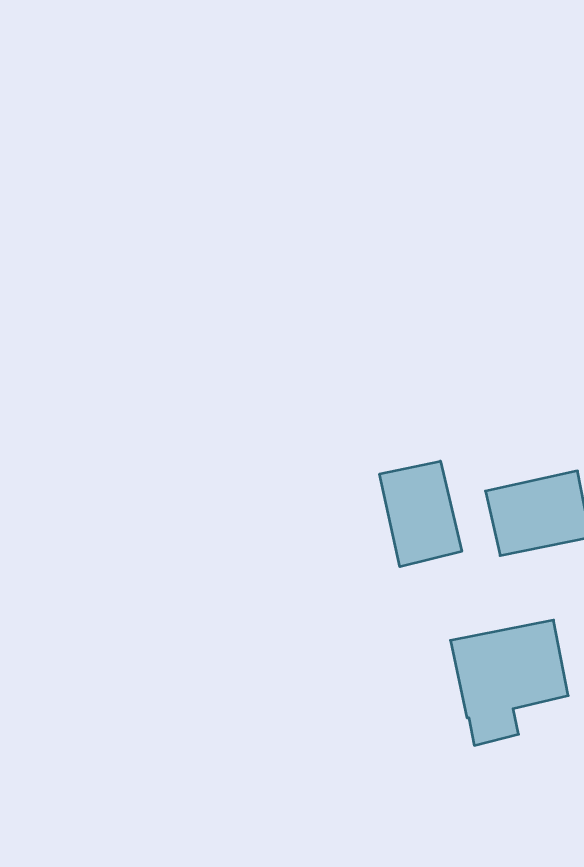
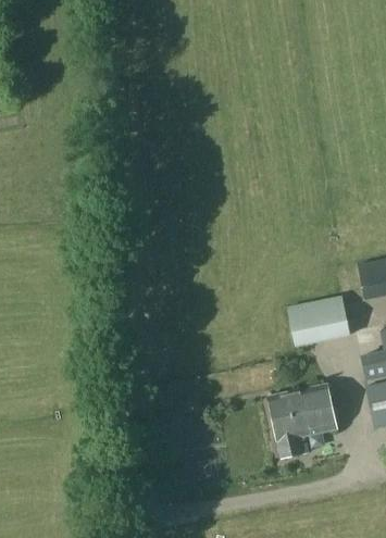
building: [380,461,462,567] -> none

